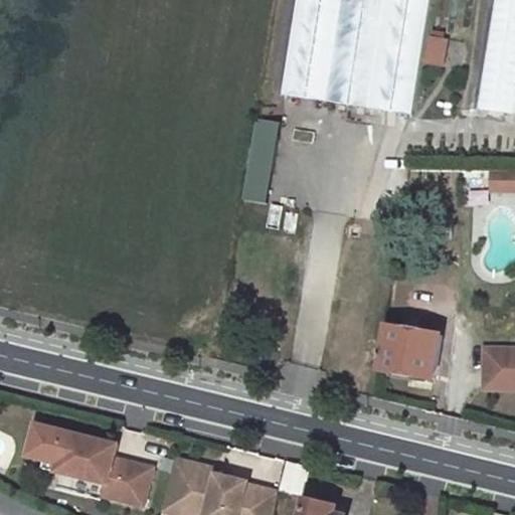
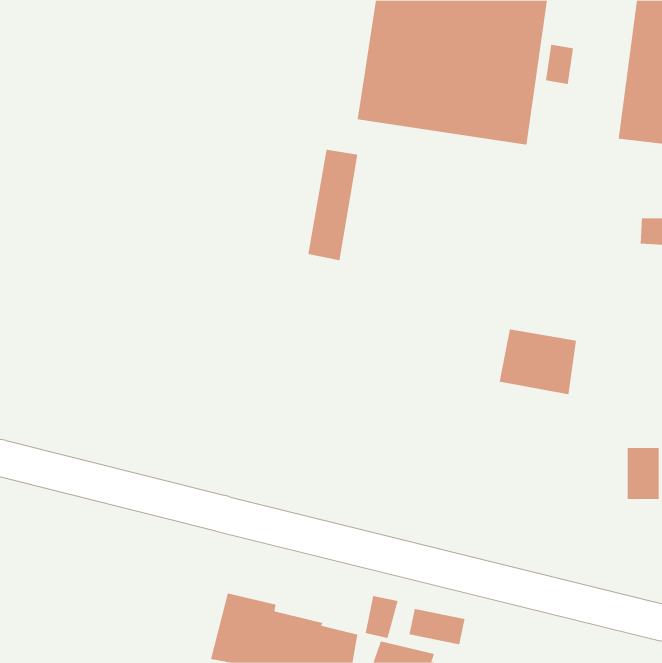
building: [380,328,441,379] -> [499,329,577,395]
building: [29,424,156,506] -> none
building: none -> [409,608,465,645]

